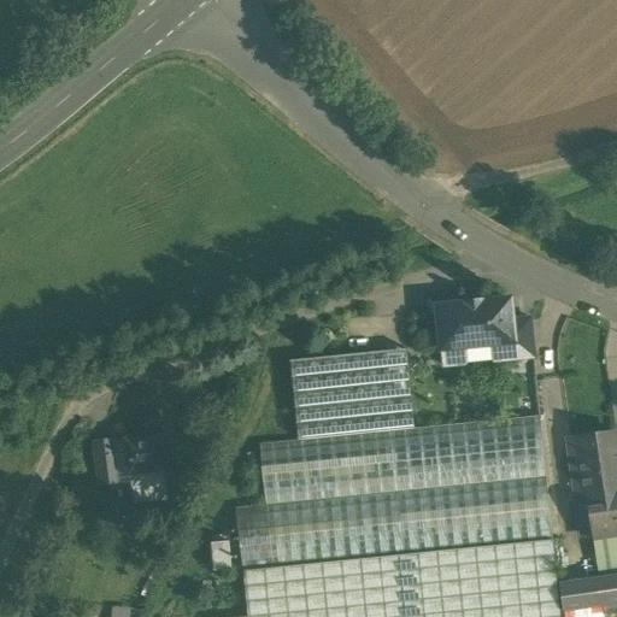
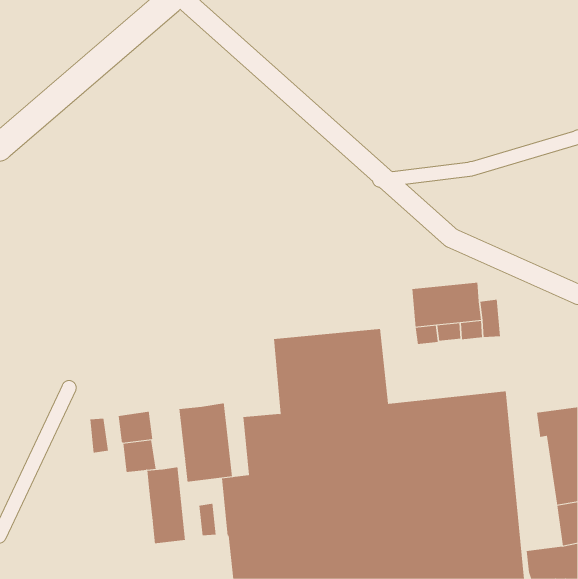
building: none -> [179,403,233,482]
building: none -> [147,466,186,544]

